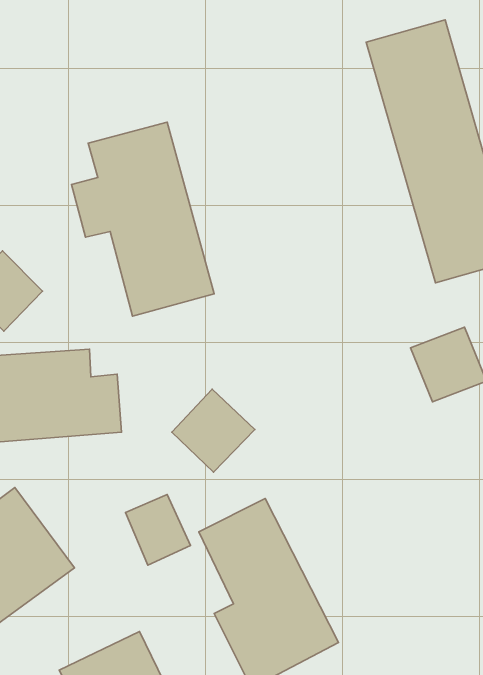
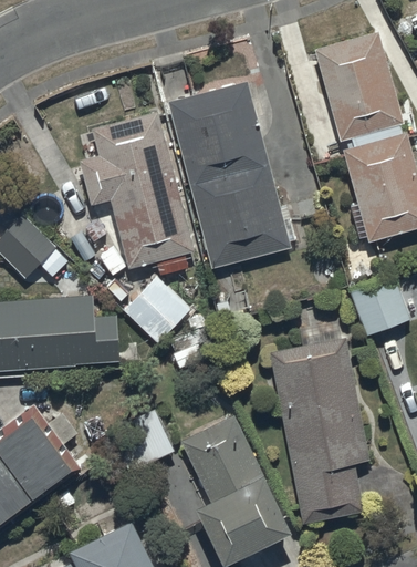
building: none -> [168,82,290,270]
building: [172,389,255,472] -> [124,278,190,344]
building: none -> [270,339,369,526]

